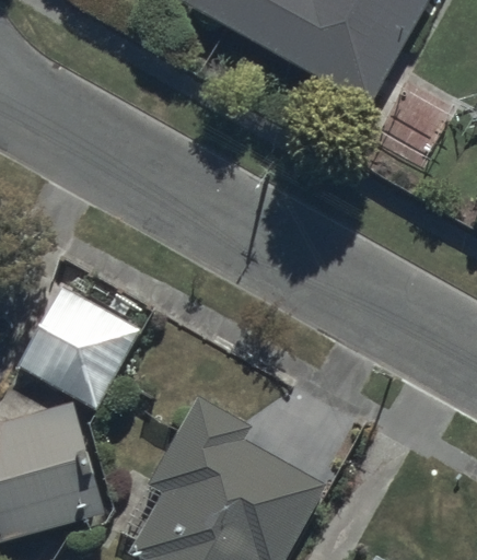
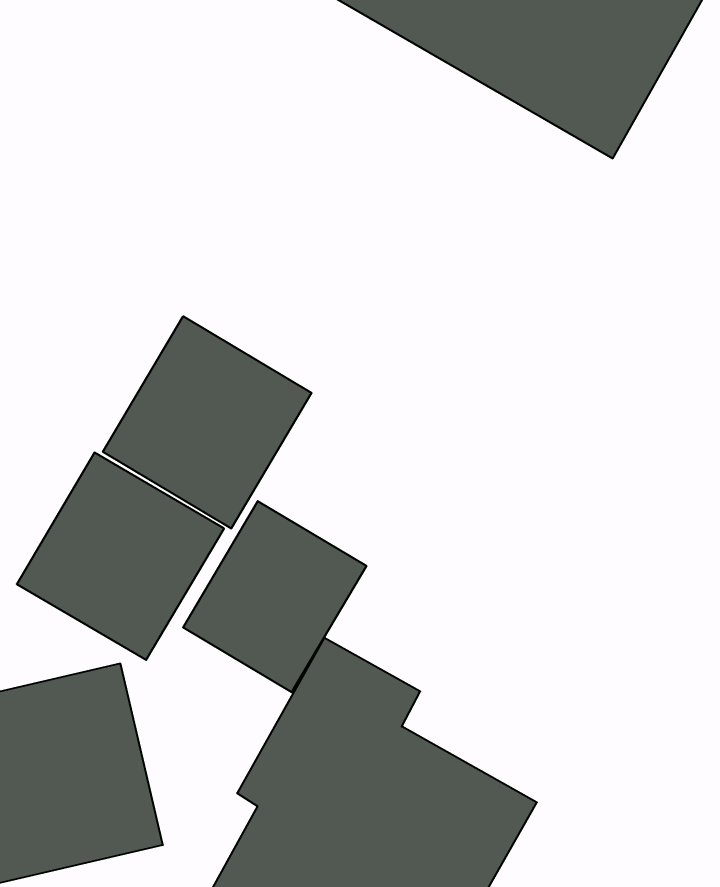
building: none -> [103,316,311,529]
building: none -> [183,501,366,692]

